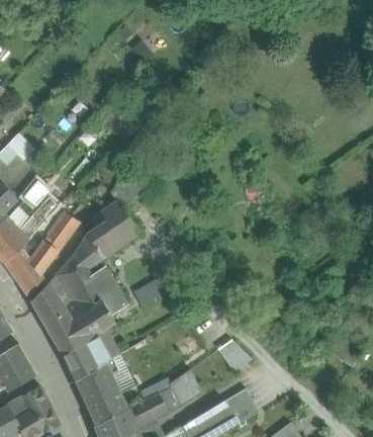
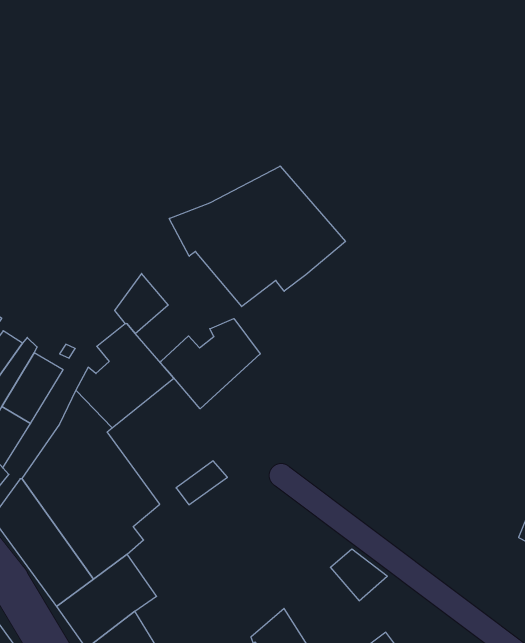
building: none -> [169,166,345,307]
building: none -> [160,319,260,409]

